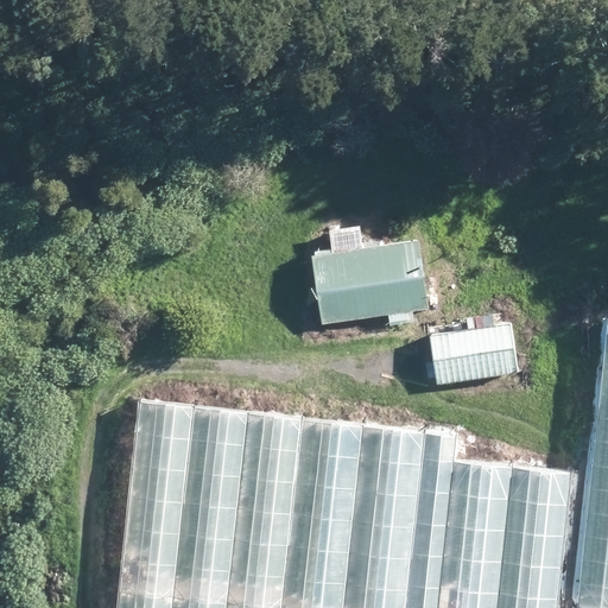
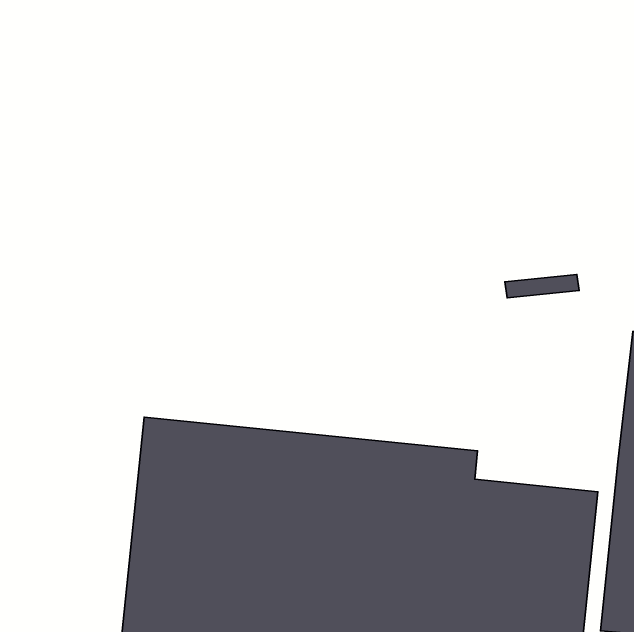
building: [311,239,426,323] -> none
building: [429,315,515,384] -> none

